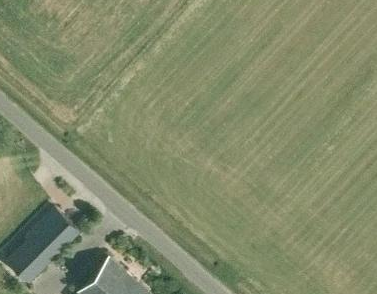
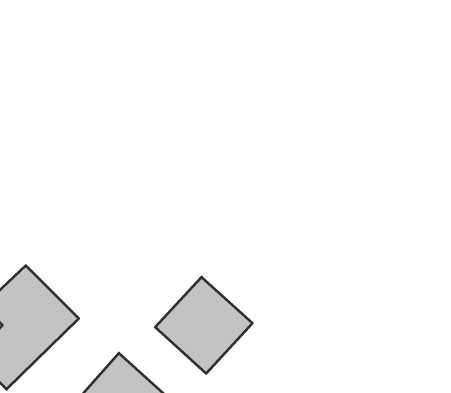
building: none -> [155,277,252,373]

